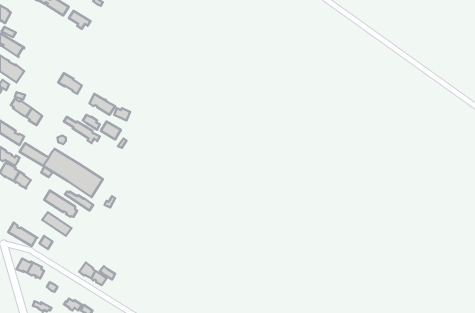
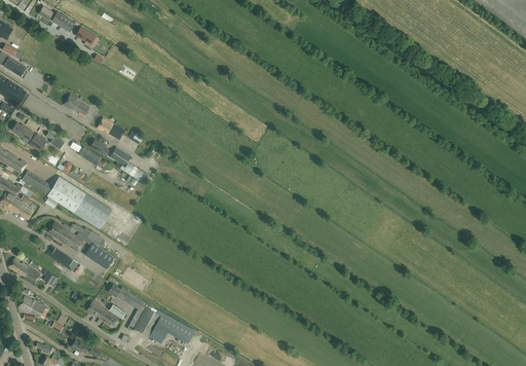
building: none -> [84,243,114,269]
building: none -> [108,284,194,342]

